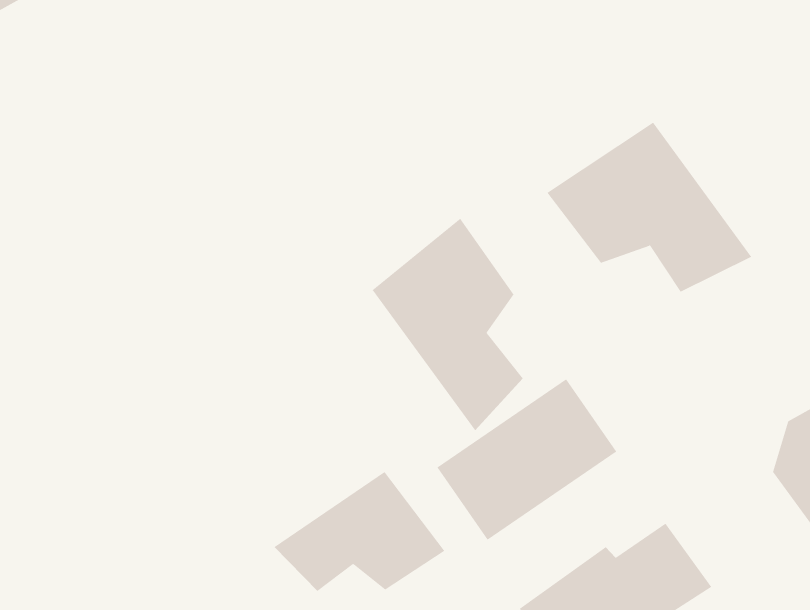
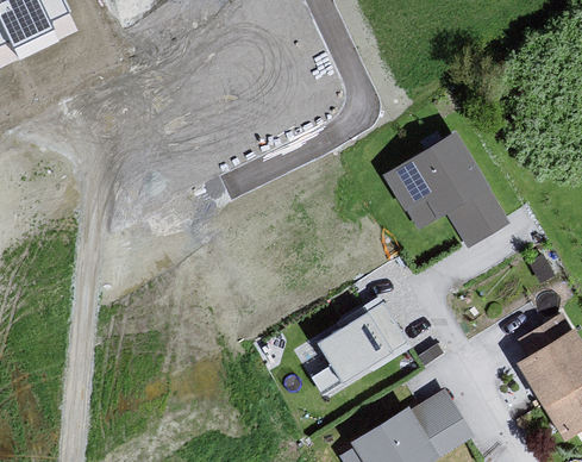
building: [372,218,524,431] -> none
building: [274,471,445,592] -> none

